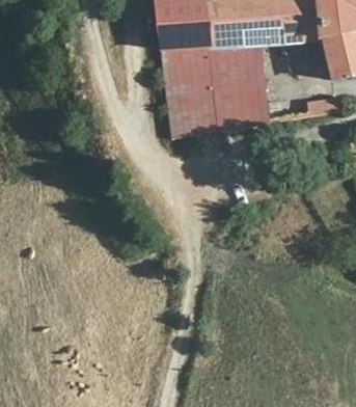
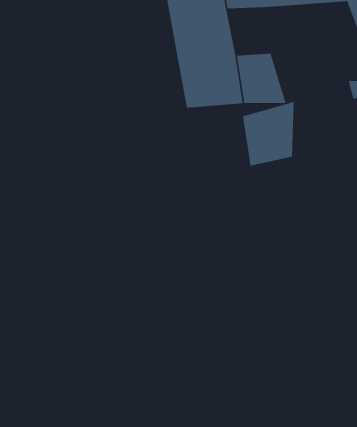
building: [214,42,252,83] -> none
building: none -> [243,101,294,167]

